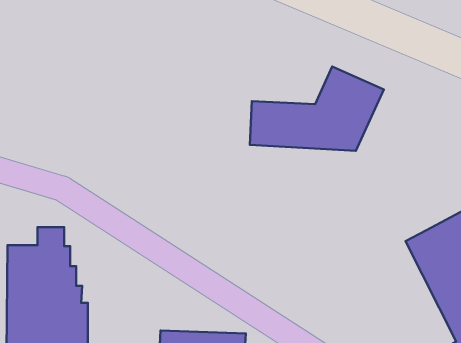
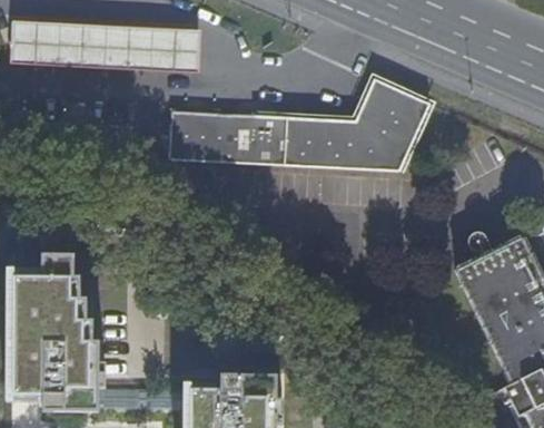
building: none -> [11,20,201,72]
building: none -> [168,110,284,166]

